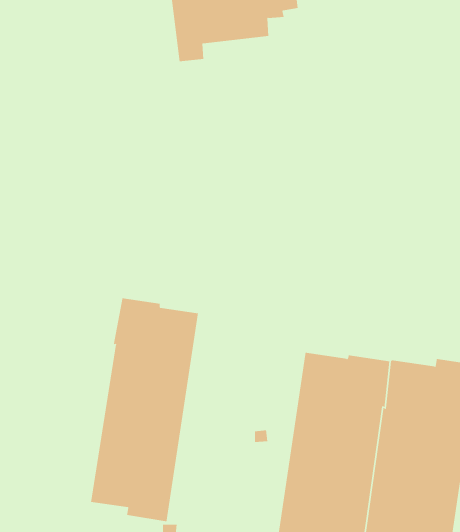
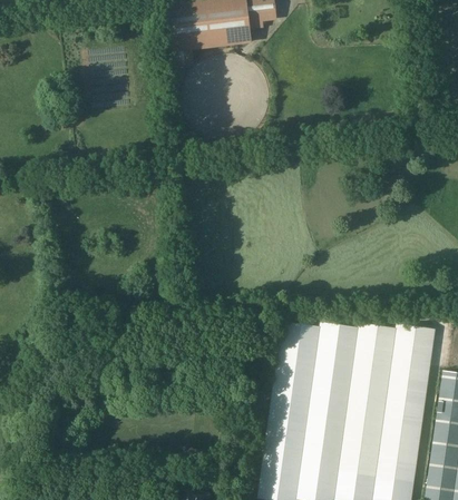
building: [91,297,198,522] -> none

